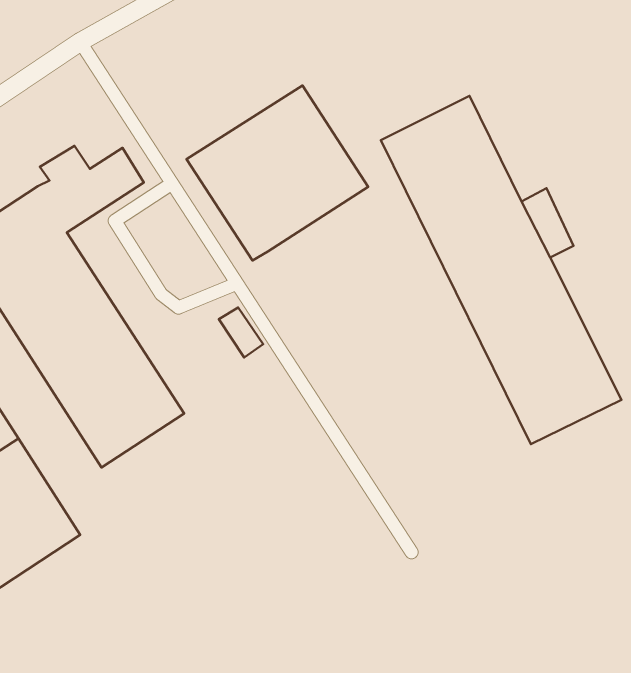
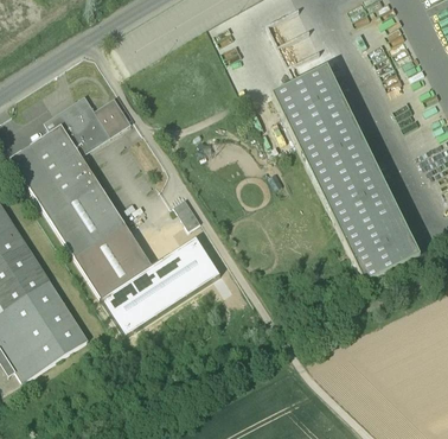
building: [187,86,368,260] -> none
building: none -> [101,236,219,335]

